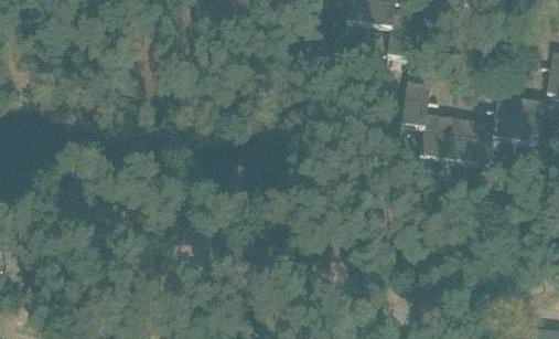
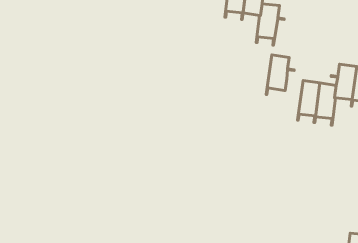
building: [418,114,449,169] -> none

